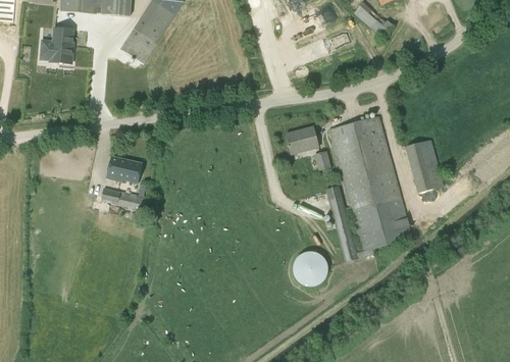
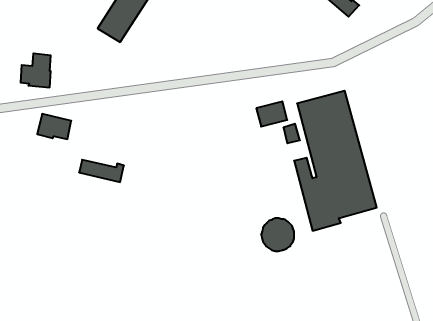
building: [41,28,72,63] -> [21,53,51,87]
building: [405,138,444,191] -> none
building: [106,156,142,183] -> [37,114,71,139]

